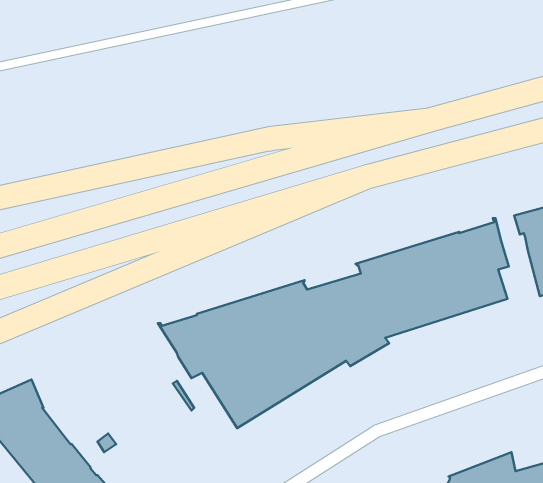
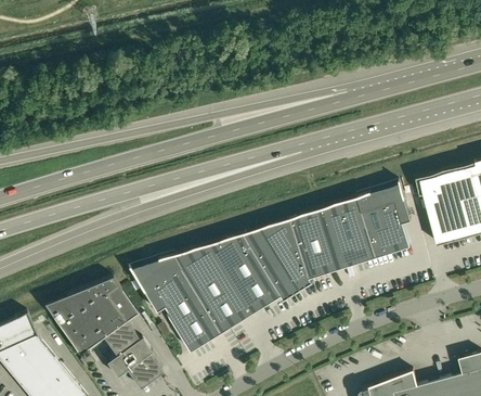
building: none -> [44,276,162,387]

